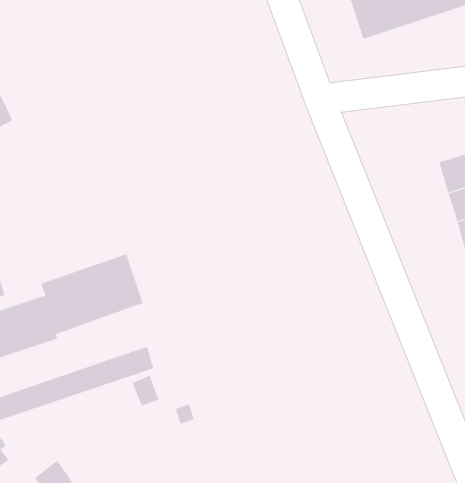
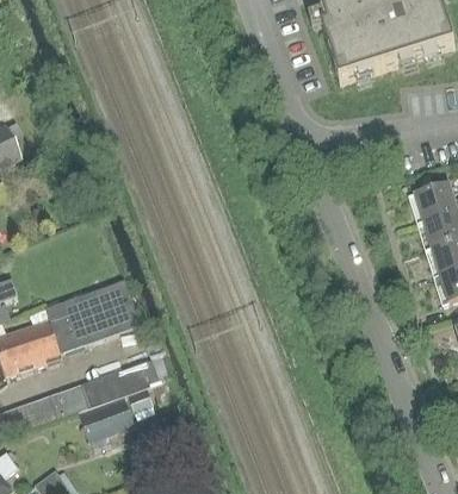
building: none -> [81,398,135,440]

